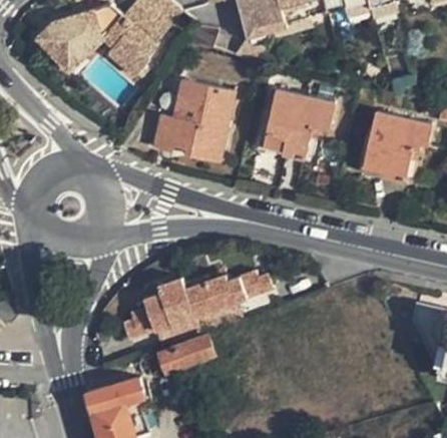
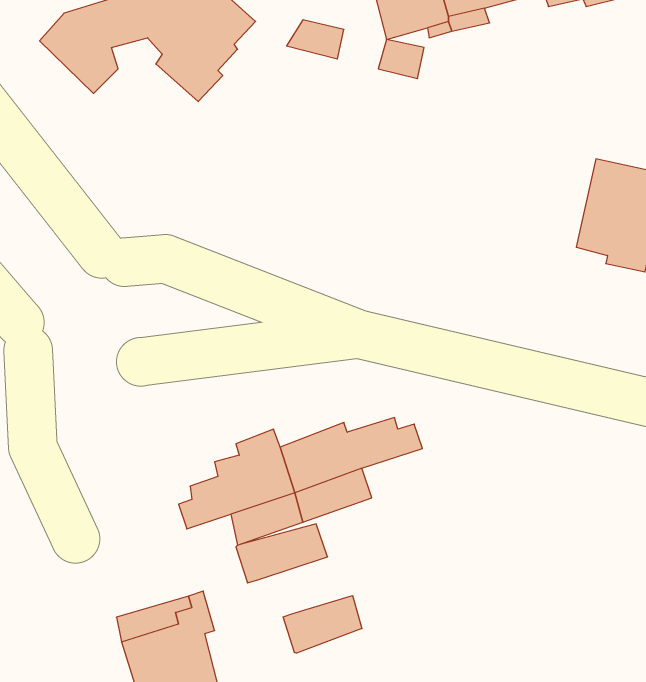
building: [155,82,235,160] -> none
building: [266,89,335,158] -> none
building: none -> [283,596,362,653]

